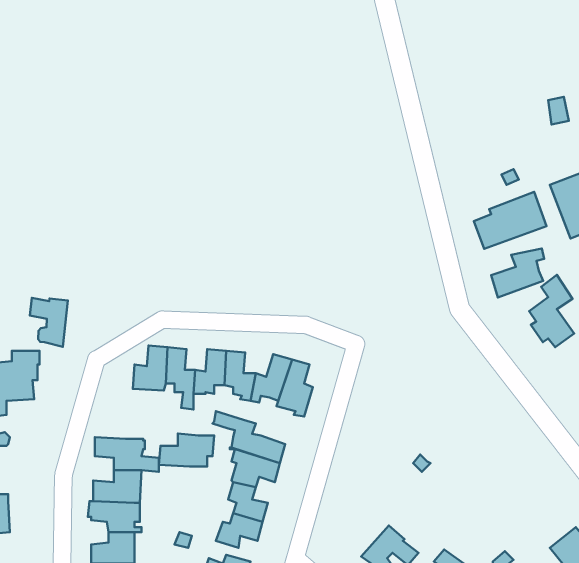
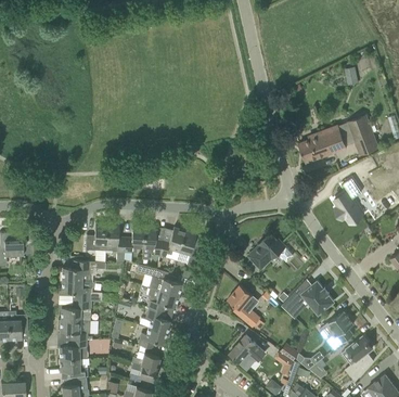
building: [491,249,544,297] -> none
building: [30,298,68,347] -> none
building: none -> [248,234,294,269]
building: [159,434,214,466] -> [62,260,96,281]
building: none -> [282,279,333,315]
building: none -> [228,285,265,331]
building: none -> [8,311,27,340]
building: none -> [326,311,353,349]

